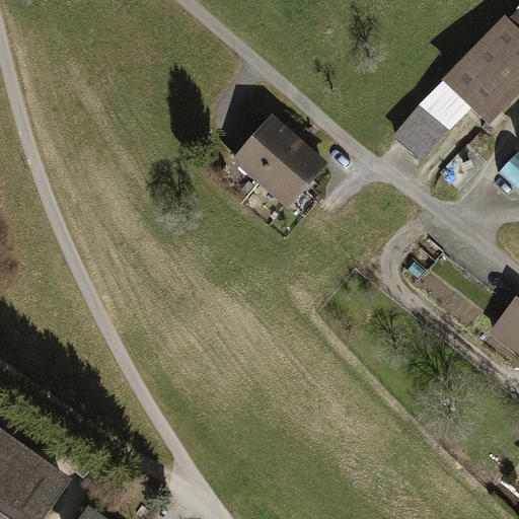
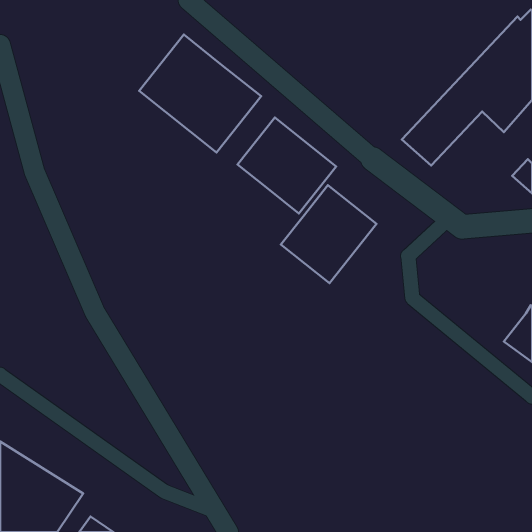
building: none -> [139,34,261,152]
building: none -> [281,185,377,283]

